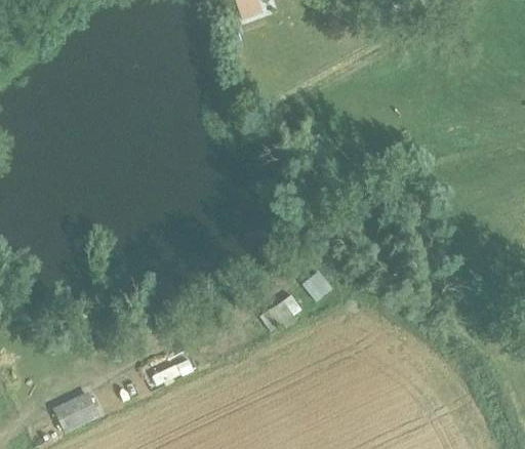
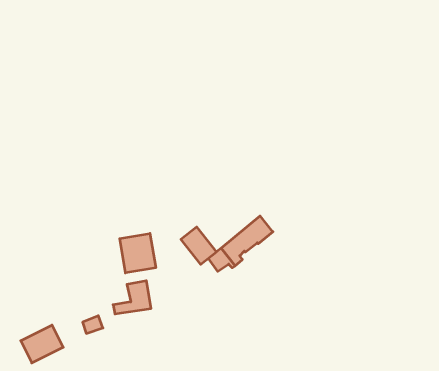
building: none -> [181,227,216,264]
building: none -> [120,233,156,273]

